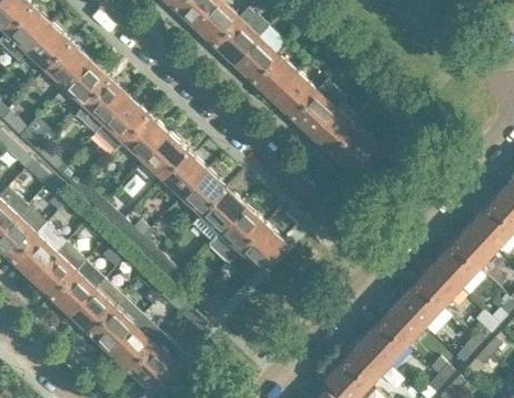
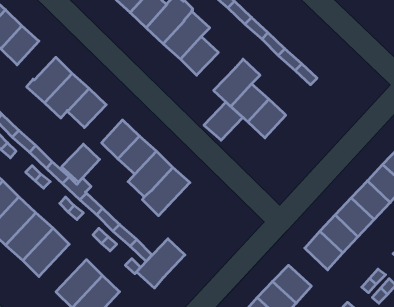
building: [64,62,109,107] -> none
building: [272,75,317,119] -> [204,102,243,140]
building: [142,136,186,180] -> [62,144,100,182]
building: [228,226,284,283] -> [137,239,185,288]
building: [89,298,144,353] -> none
building: [379,302,424,346] -> none

